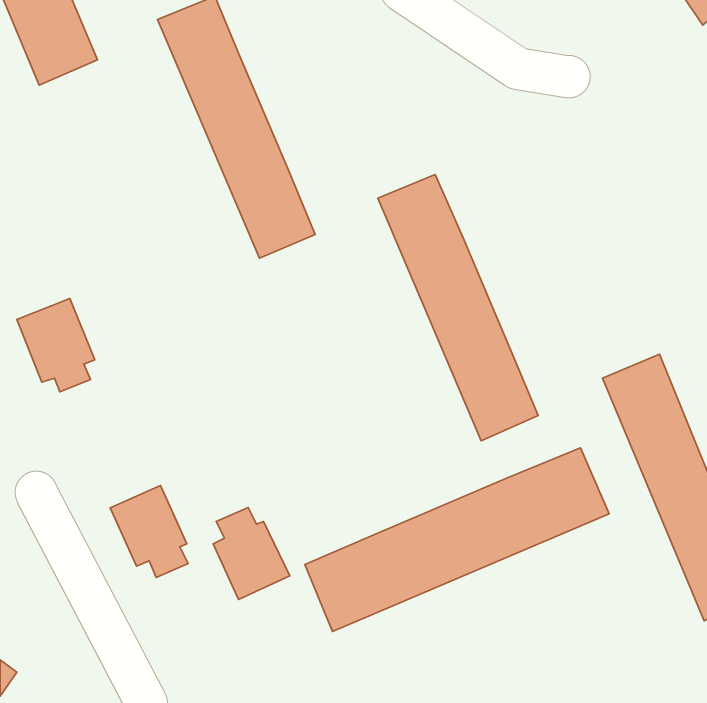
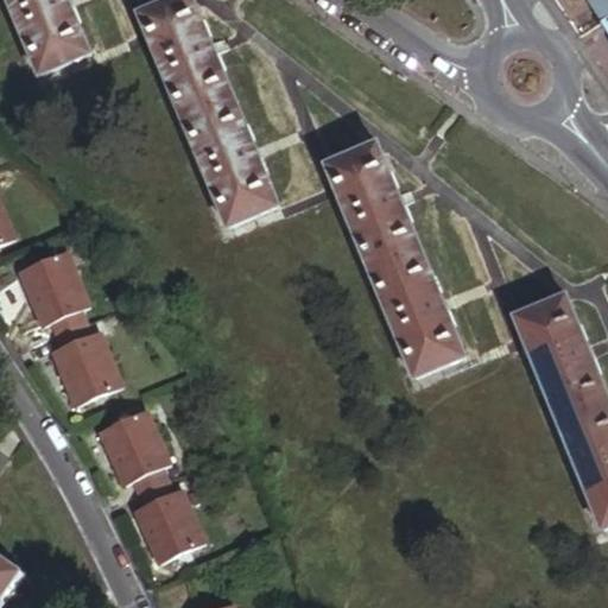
building: none -> [52,323,116,403]
building: [305,448,609,632] -> none
building: [213,508,290,600] -> [135,480,201,558]

